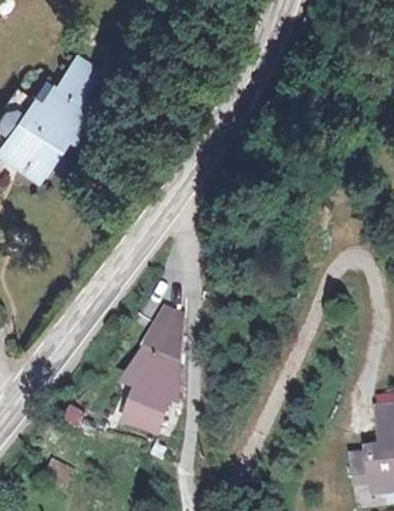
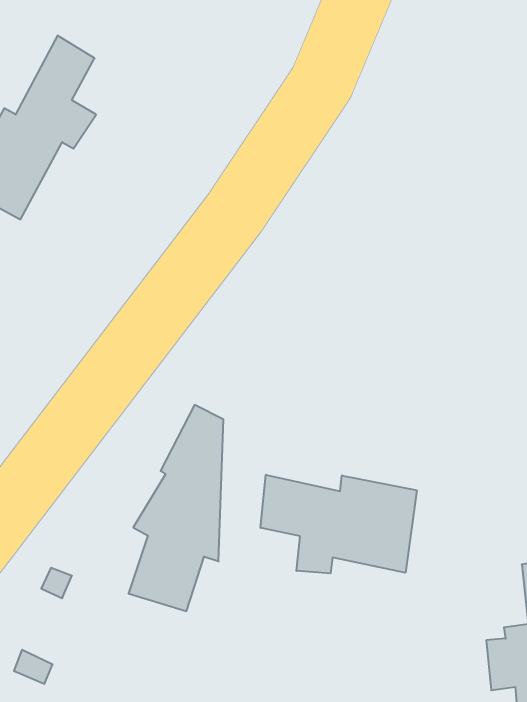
building: none -> [261,475,417,573]

